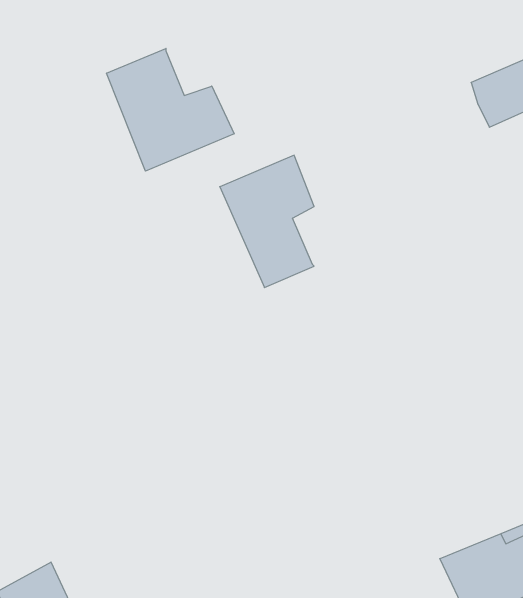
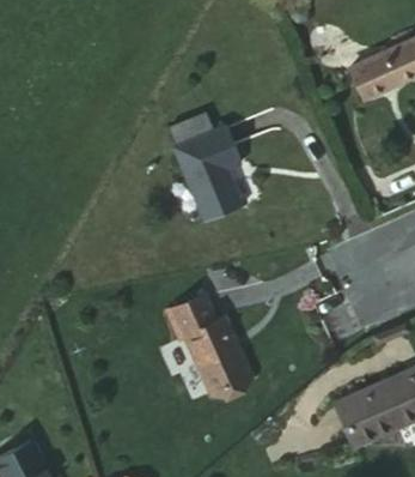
building: [107,48,234,171] -> none
building: none -> [170,292,251,390]

